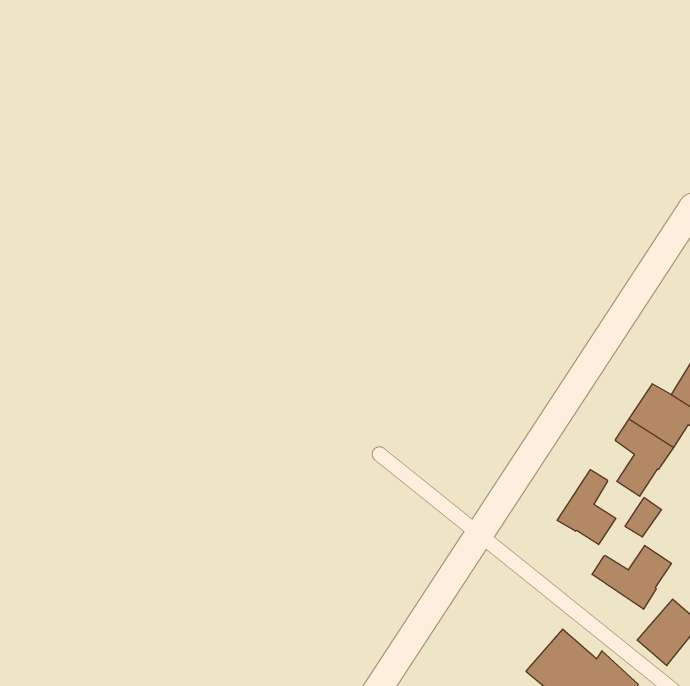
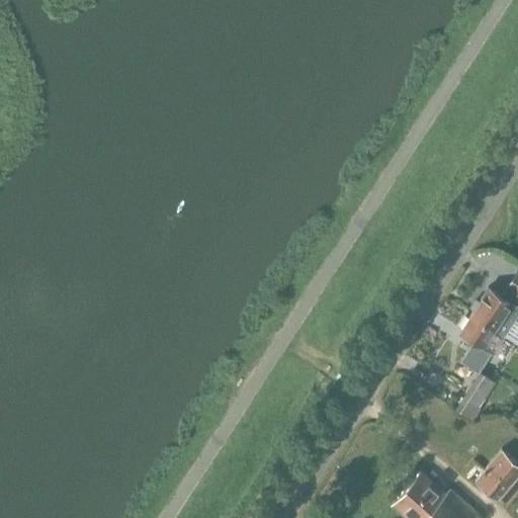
building: [557,470,616,545] -> none
building: [592,545,671,609] -> none

